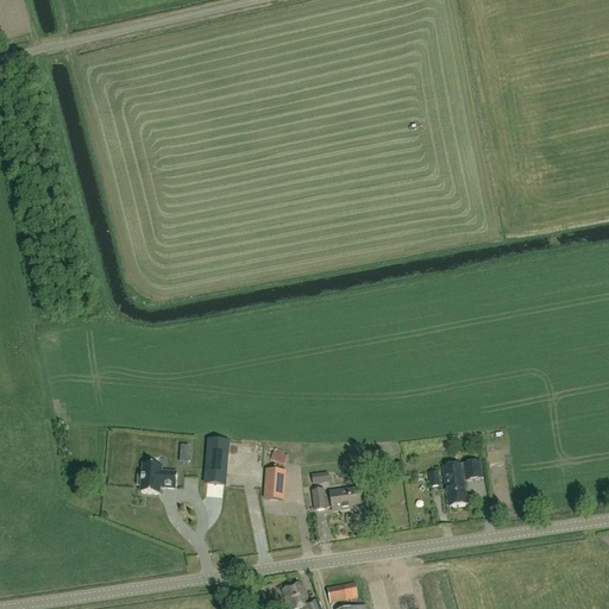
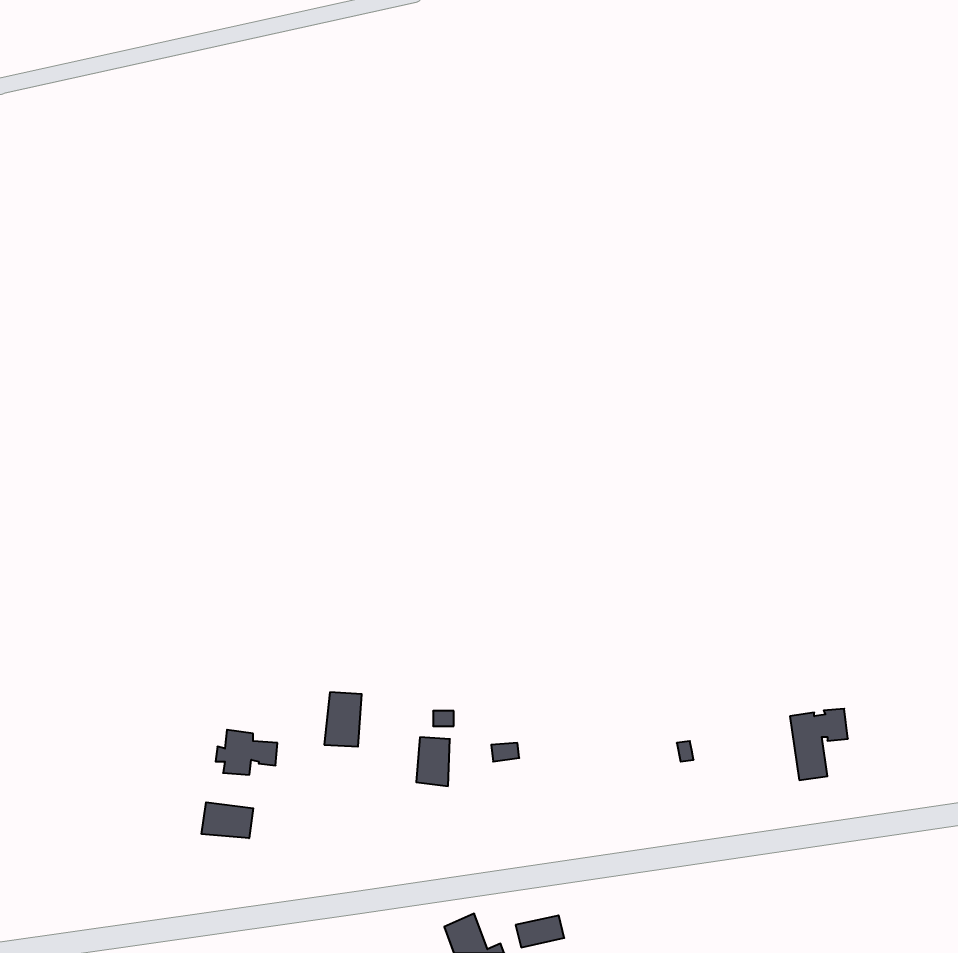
building: [444,459,481,504] -> [790,709,848,780]
building: [313,486,360,509] -> none
building: none -> [202,802,253,838]

